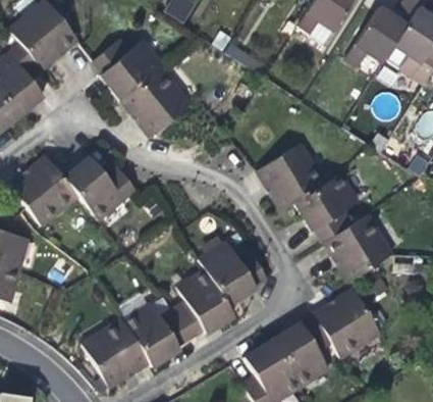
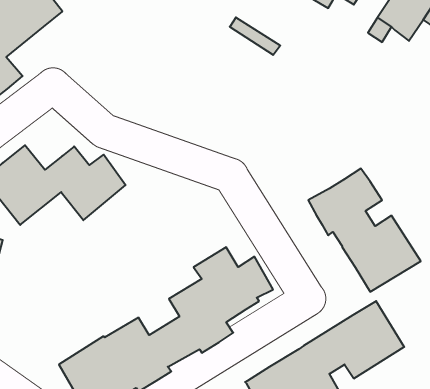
building: [97,39,194,136] -> none
building: [257,145,326,211] -> none

